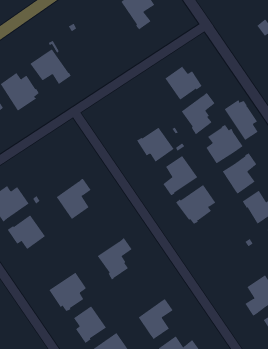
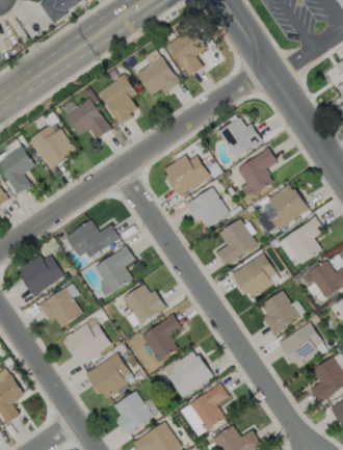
building: none -> [137,56,181,95]
building: none -> [99,74,138,125]
building: none -> [164,154,210,197]
building: [224,99,259,141] -> none
building: none -> [65,219,120,258]
building: none -> [123,284,165,323]
building: none -> [261,290,299,335]
building: none -> [279,321,323,368]
building: none -> [64,322,111,365]
building: none -> [167,350,213,396]

